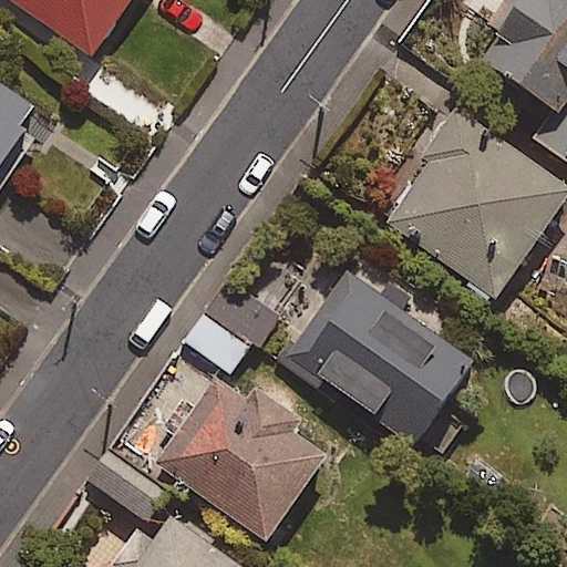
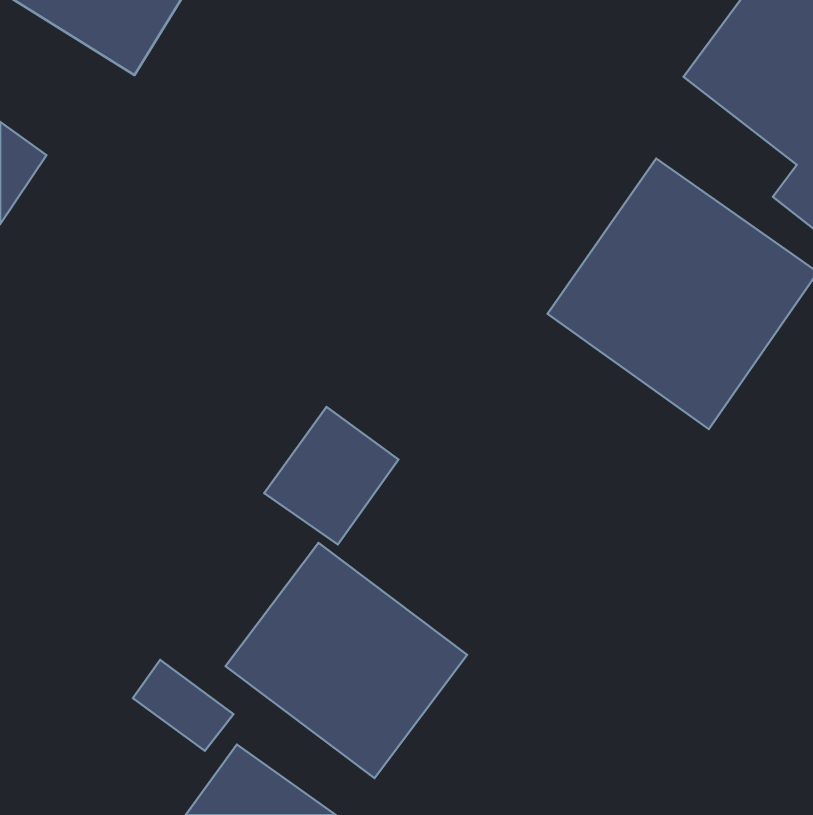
building: [285,271,471,444] -> none

